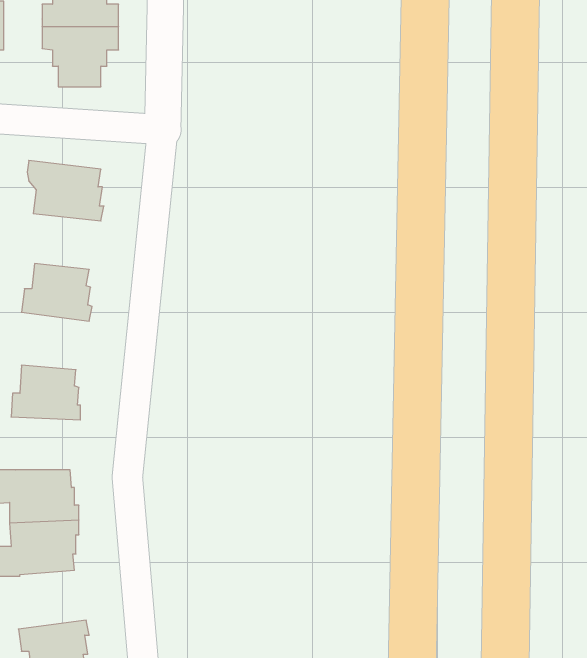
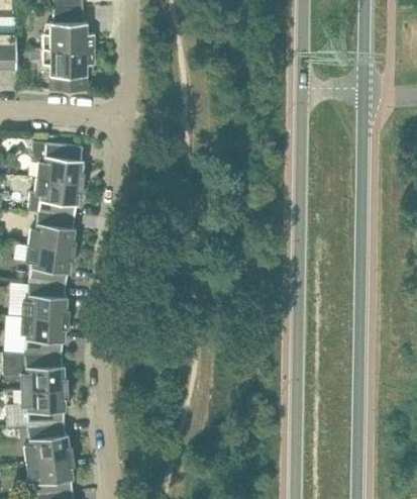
building: none -> [27,177,82,215]
building: none -> [25,244,74,284]
building: none -> [19,316,68,353]
building: none -> [23,421,72,462]

